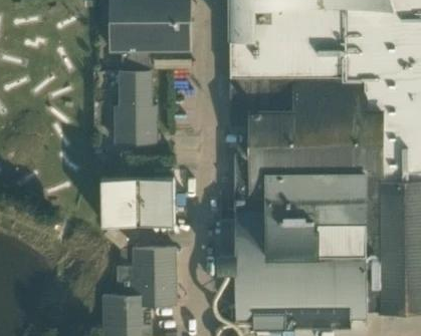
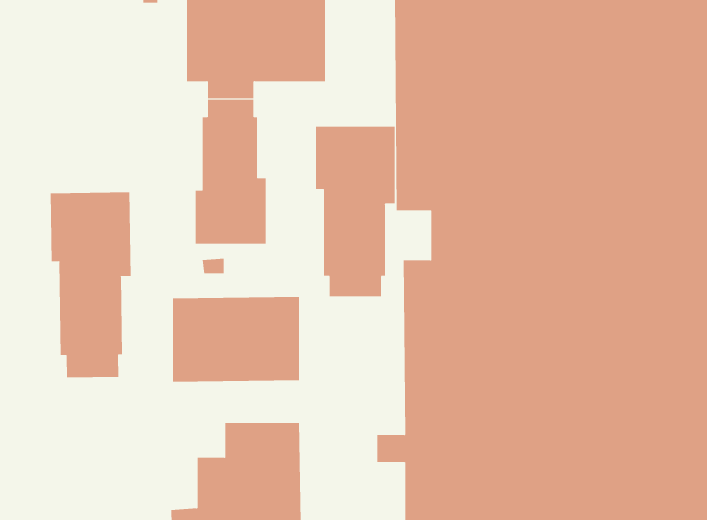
building: none -> [316,126,395,297]
building: none -> [50,192,131,378]

